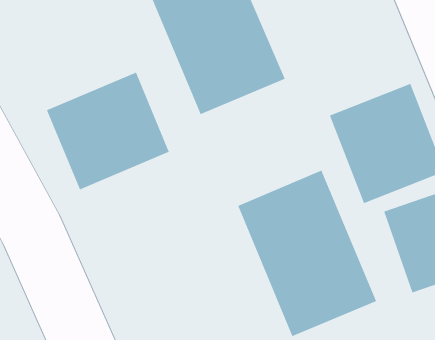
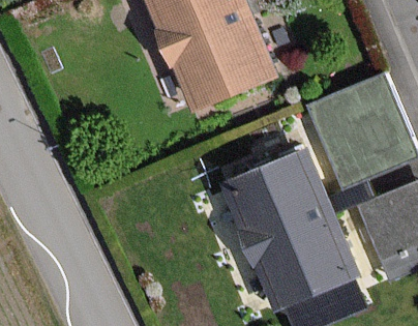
building: [46,72,170,190] -> none

